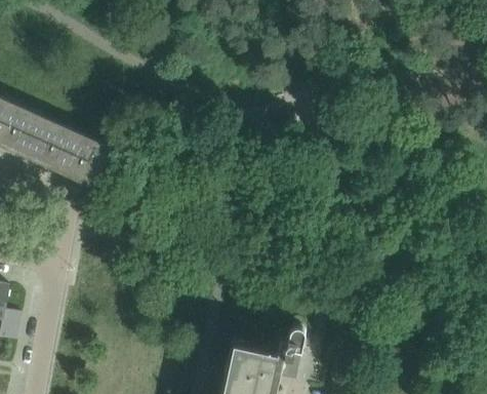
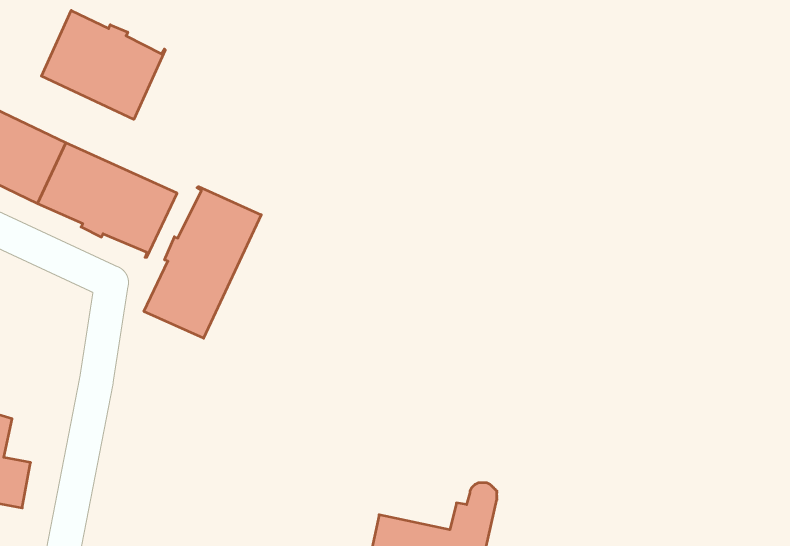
building: none -> [41,10,165,119]
building: none -> [144,187,261,338]

